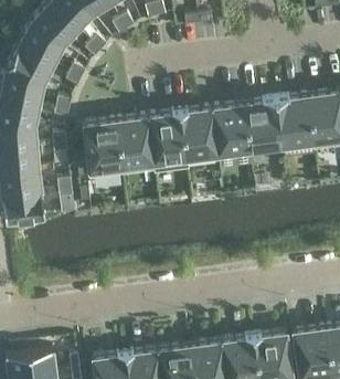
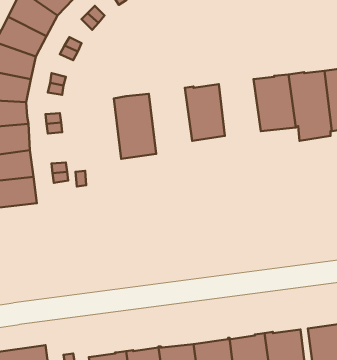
building: [212,102,251,154] -> none
building: [148,109,189,172] -> none
building: [84,119,123,178] -> none

